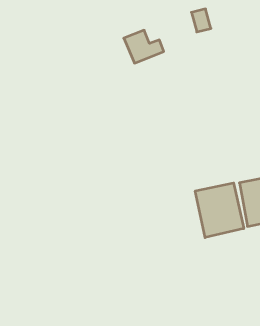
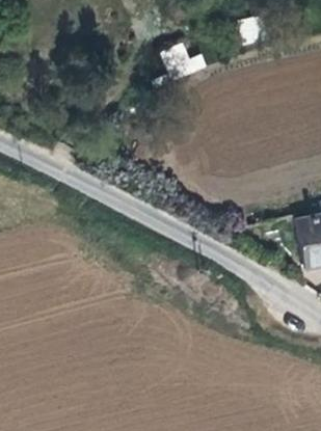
building: [195,183,244,238] -> none

